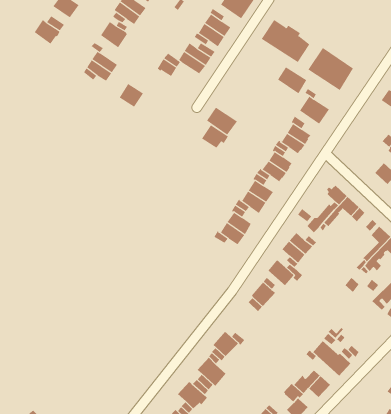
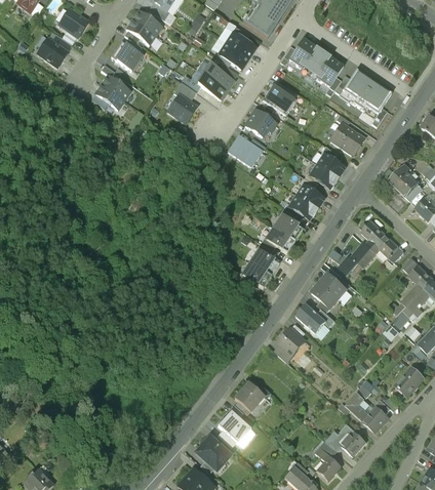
building: [277,66,307,94] -> [263,84,295,115]
building: [119,83,144,108] -> [168,95,196,122]
building: [201,124,229,149] -> [245,110,276,136]
building: none -> [388,163,422,202]
building: none -> [395,368,423,397]

